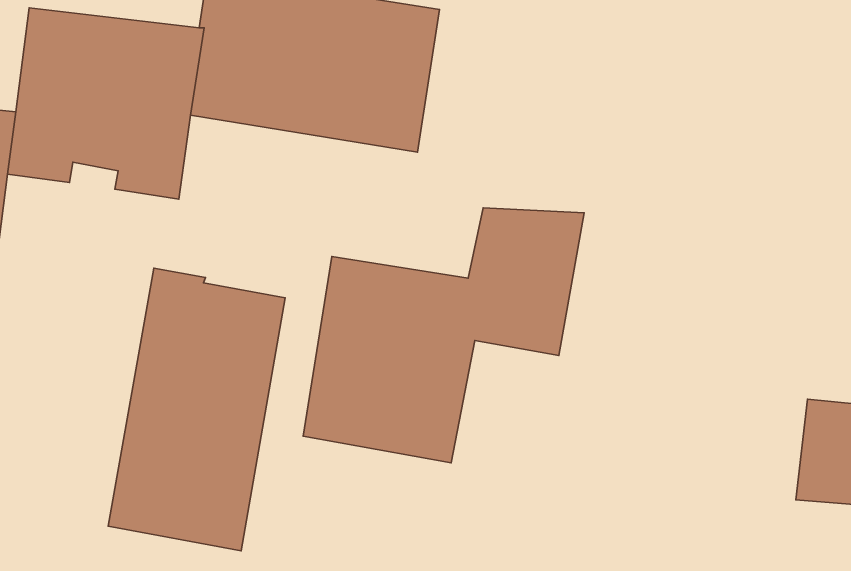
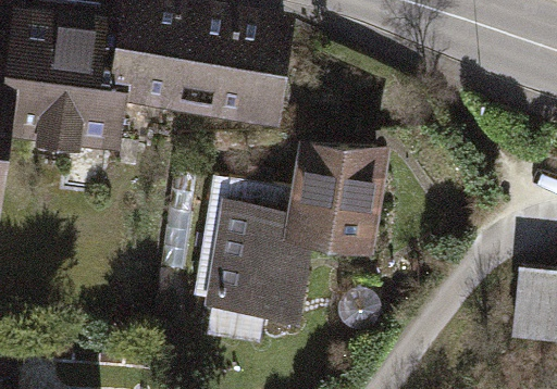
building: [108,268,285,551] -> none

